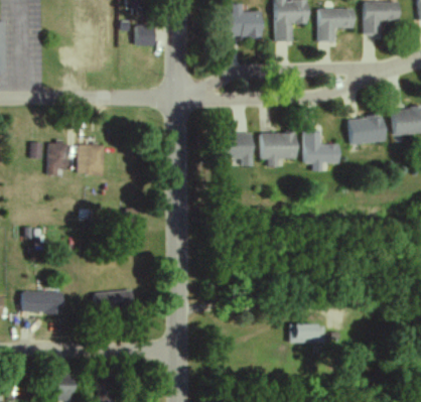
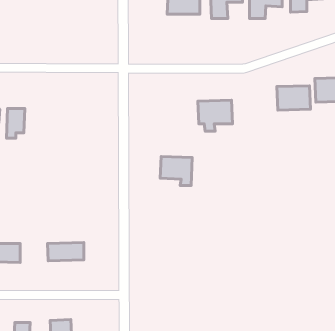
building: [136,25,155,45] -> none
building: [303,130,339,171] -> none
building: [219,133,254,165] -> [160,156,192,185]
building: [78,144,105,174] -> none
building: [289,324,324,343] -> none

